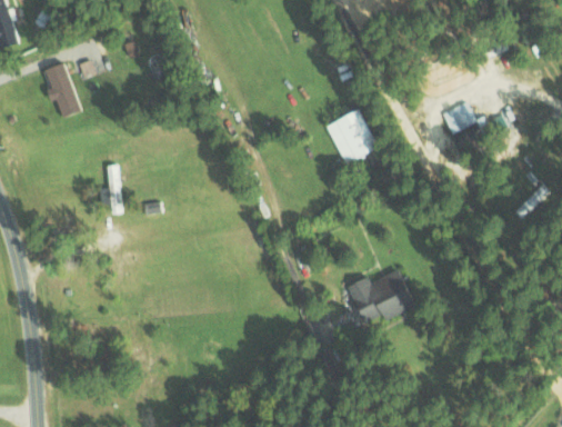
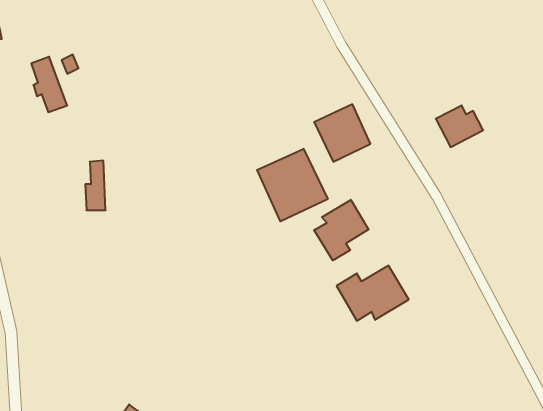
building: none -> [257,149,328,221]
building: none -> [314,200,369,260]

